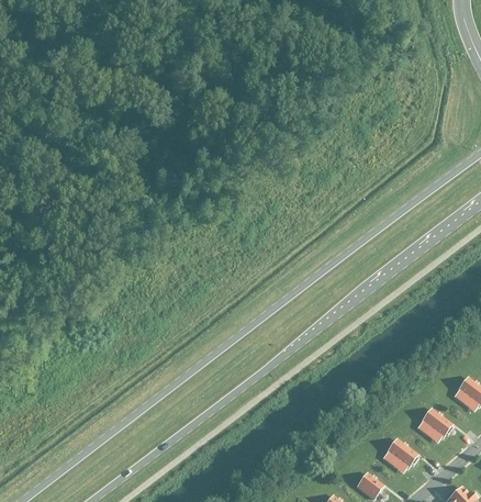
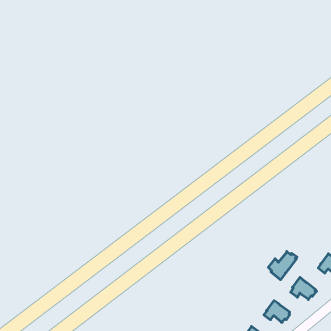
building: none -> [268,251,297,280]

